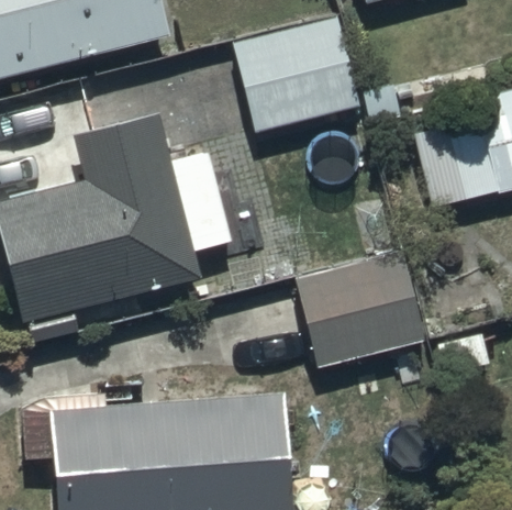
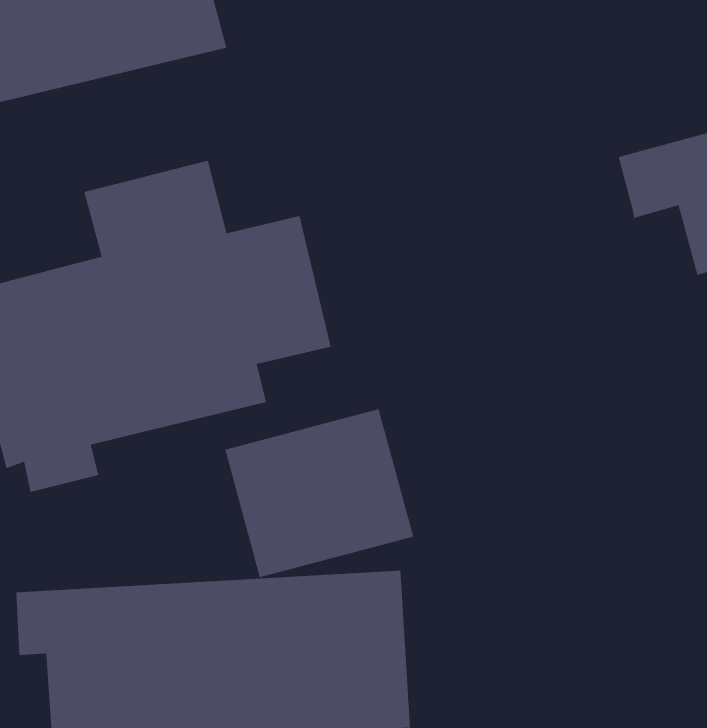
building: [233,16,366,135] -> none
building: [294,250,426,367] -> [224,408,414,578]

